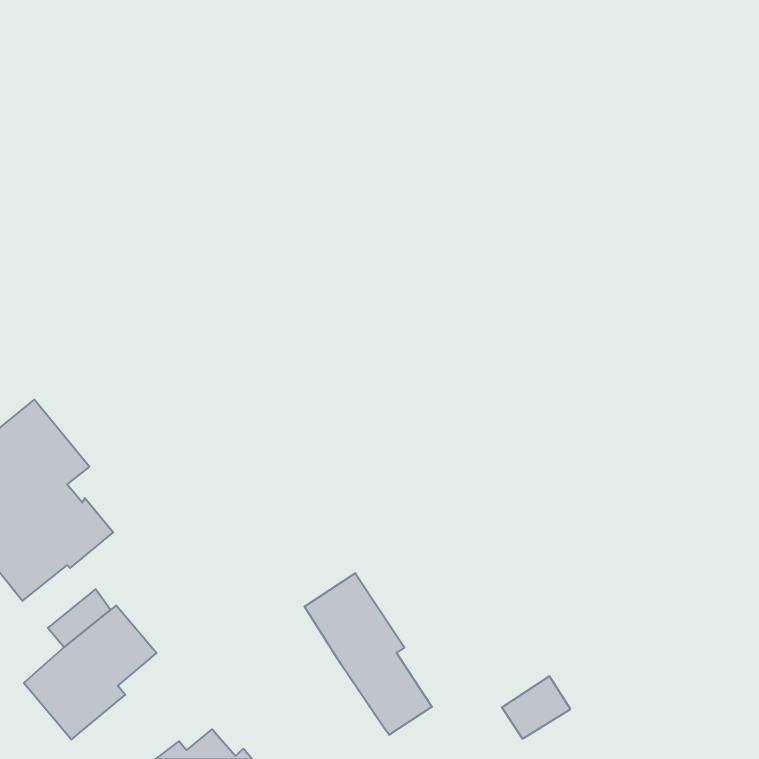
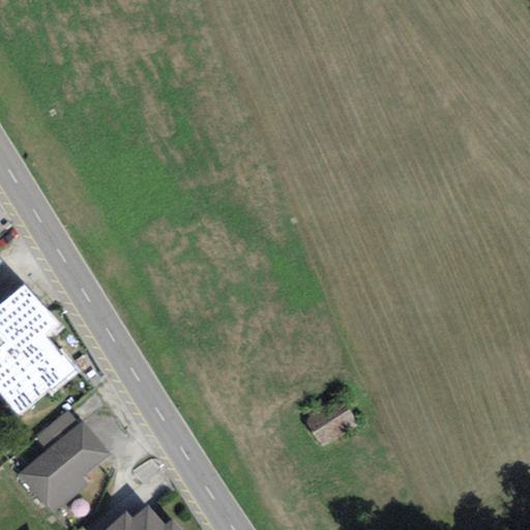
building: [304,573,432,735] -> none
building: [502,676,570,739] -> [307,405,355,448]

